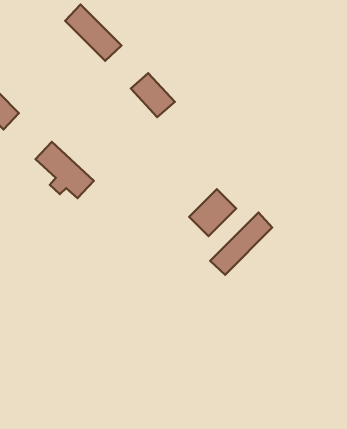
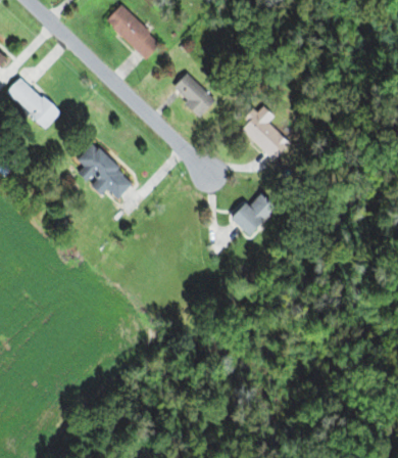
building: none -> [239,107,290,162]
building: [210,212,272,275] -> none

